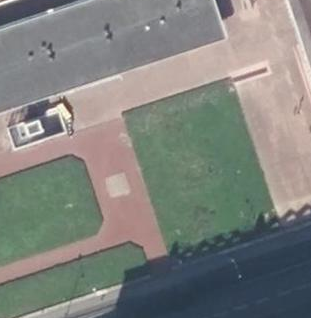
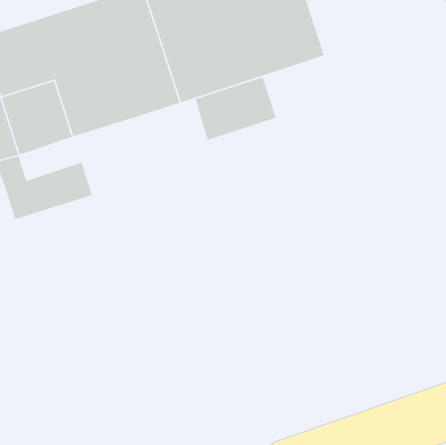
building: none -> [195,76,277,141]

